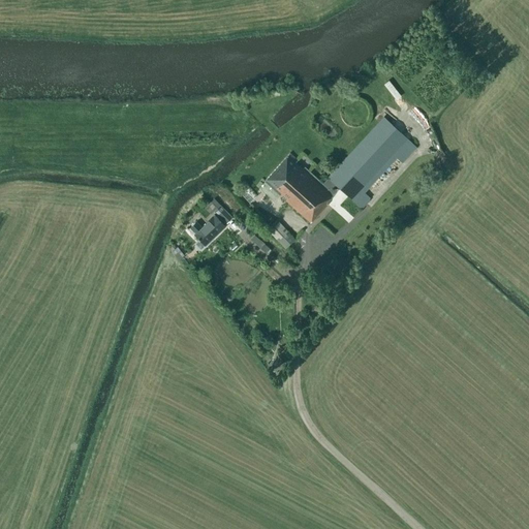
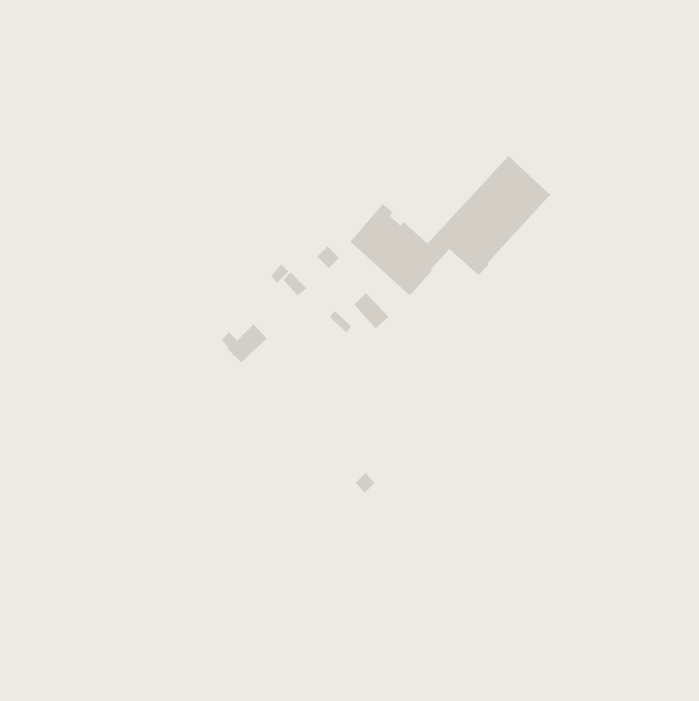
building: [188,215,223,245] -> [221,323,267,363]

